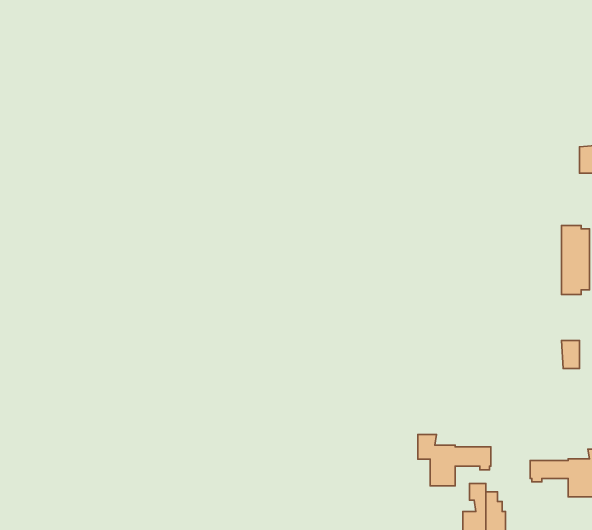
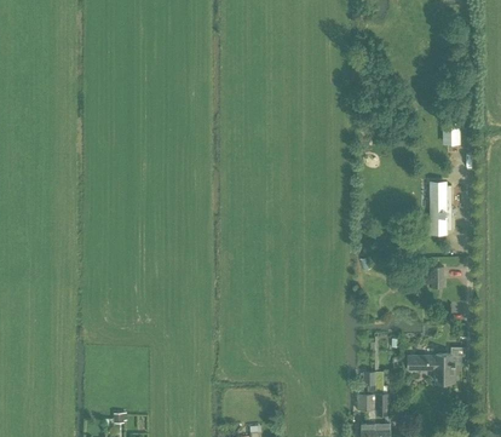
building: [418,435,491,486] -> none

